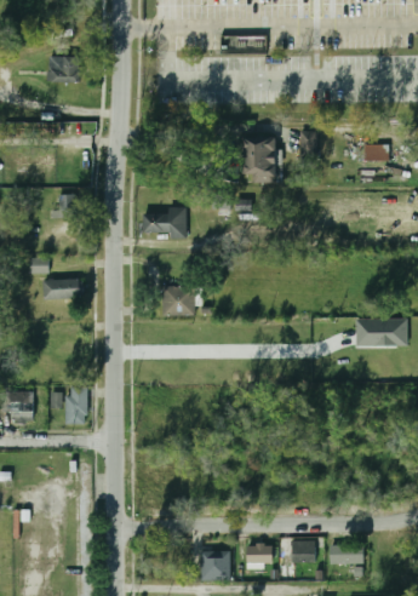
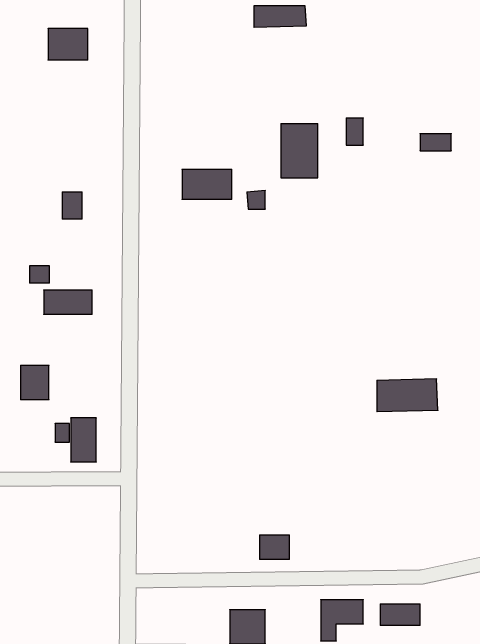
building: [142,210,184,235] -> [182,169,232,199]
building: [161,285,193,316] -> none
building: [356,317,408,345] -> [377,379,438,412]
building: [10,391,34,420] -> [21,365,49,400]
building: [246,544,271,565] -> [260,535,289,559]

